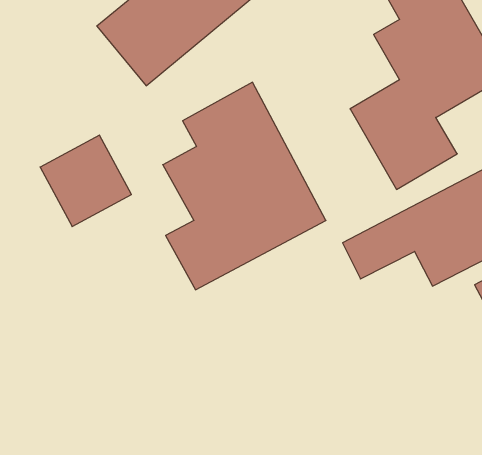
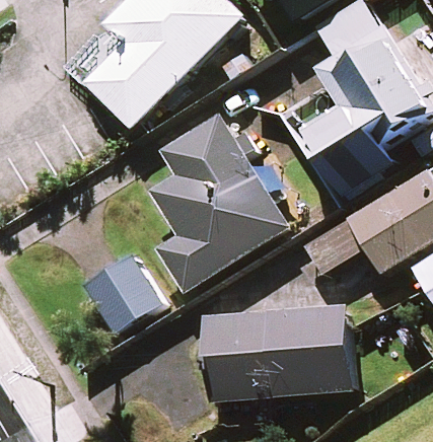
building: [40,135,131,227] -> [82,253,159,330]
building: none -> [202,305,350,400]

